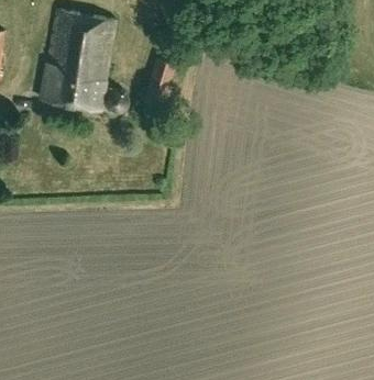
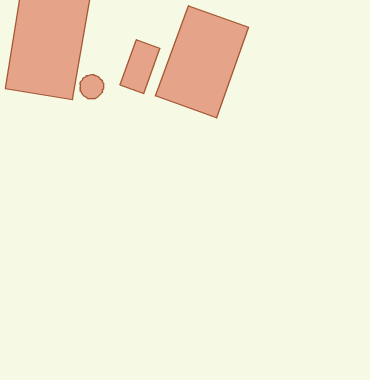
building: none -> [155,6,249,118]

